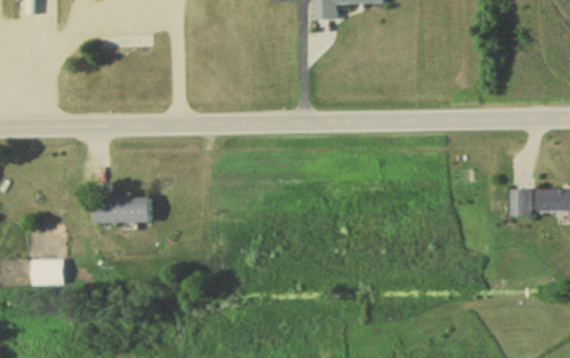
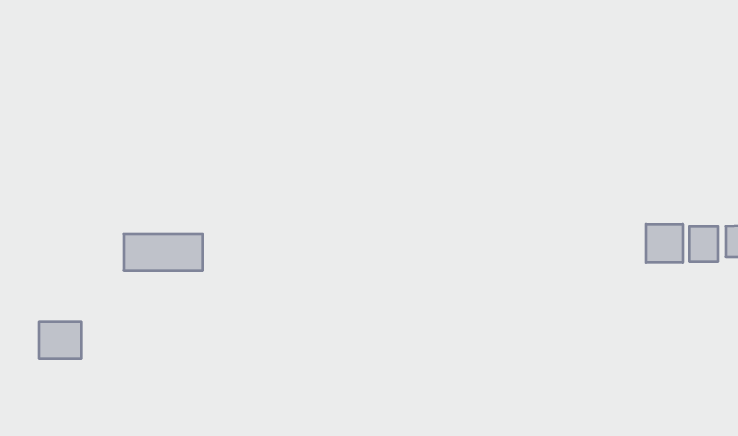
building: none -> [646,224,683,263]

